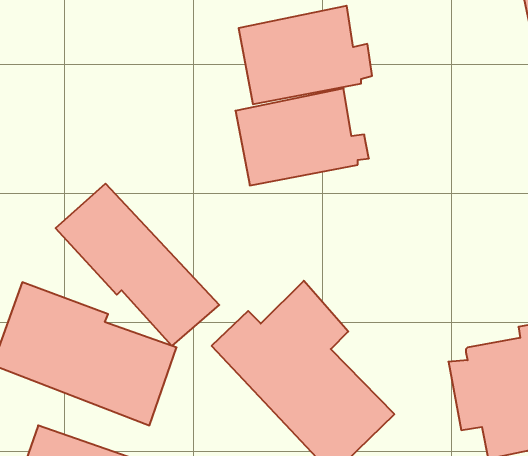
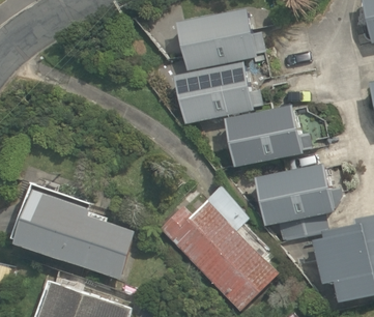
building: none -> [225,103,312,167]
building: [56,184,219,346] -> none
building: none -> [256,162,341,241]

